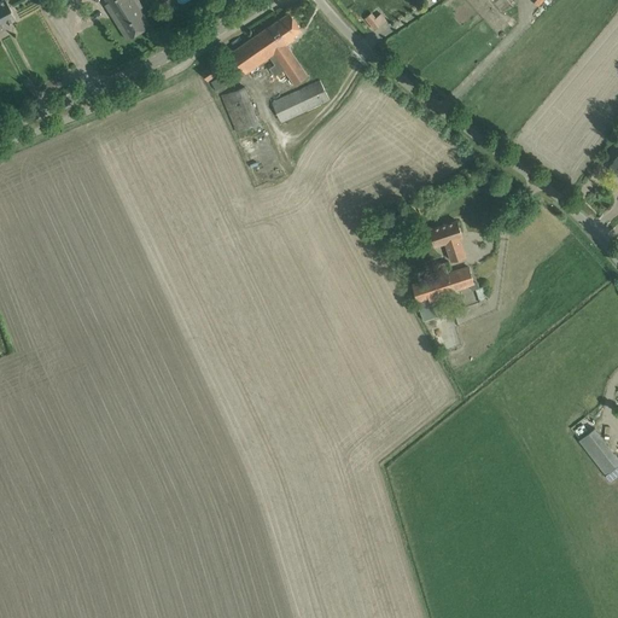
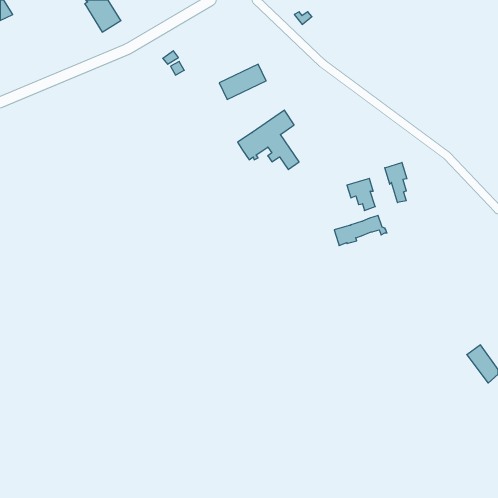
building: [232,12,308,86] -> [238,110,299,170]
building: [222,87,252,117] -> none
building: none -> [385,162,407,203]

